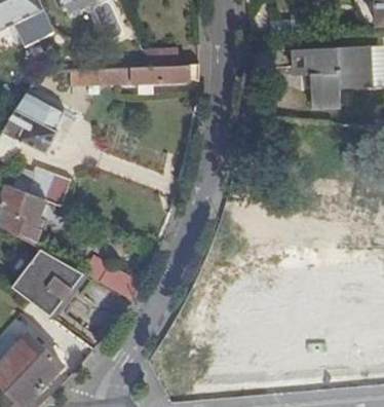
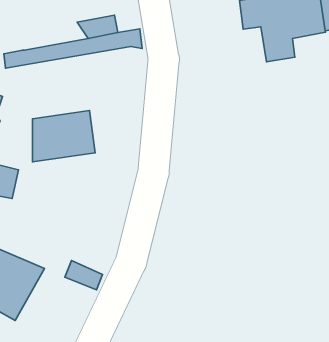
building: none -> [33,111,95,162]

